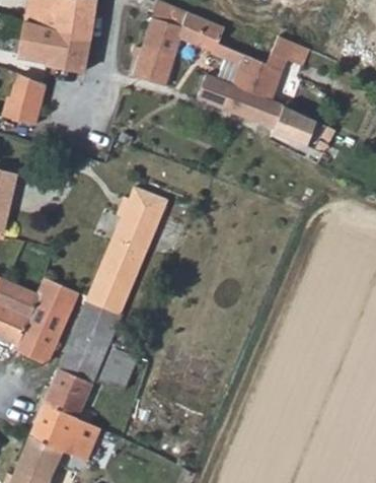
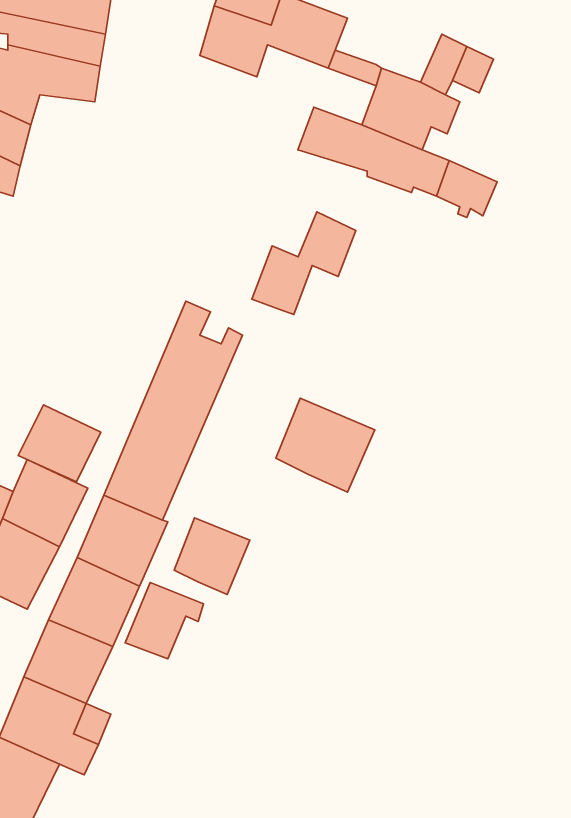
building: [135,47,175,86] -> none
building: none -> [252,212,356,315]
building: none -> [276,398,375,492]
building: none -> [18,405,101,482]
building: none -> [174,518,250,595]

